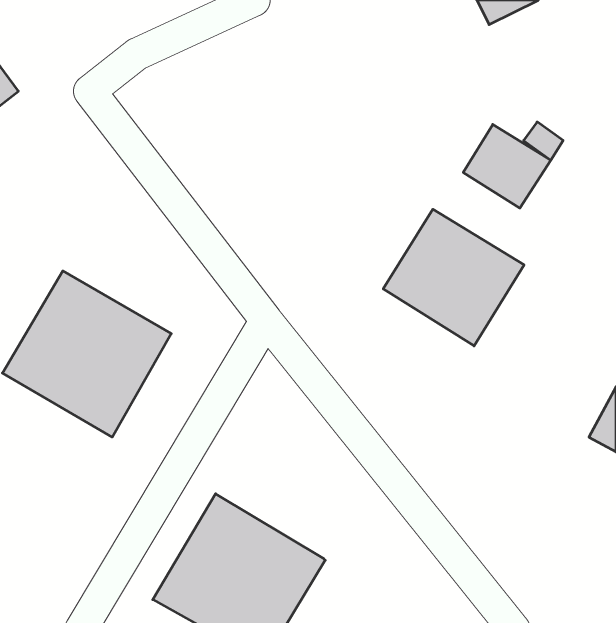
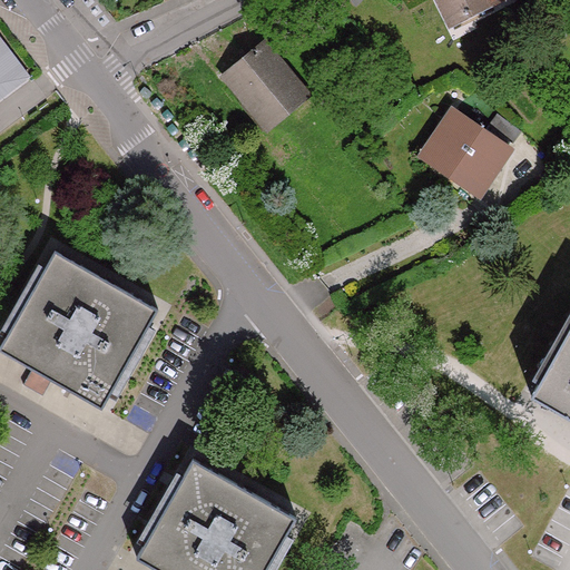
building: none -> [219,52,302,135]
building: [383,209,524,346] -> none

